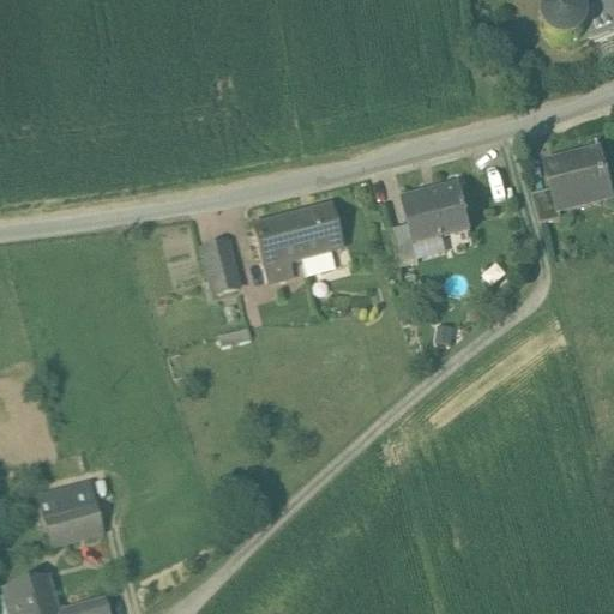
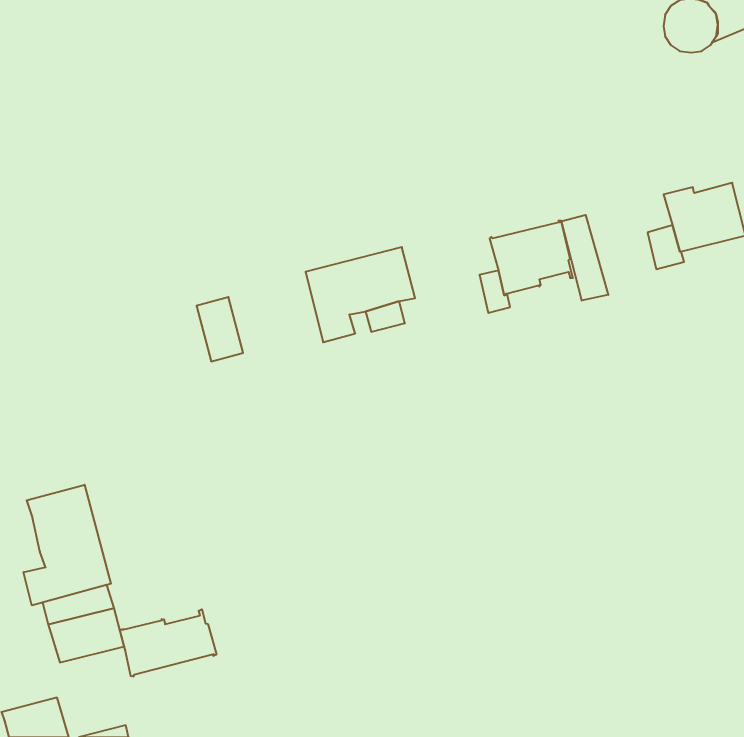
building: none -> [561,215,608,301]
building: [201,239,240,291] -> [196,297,243,361]
building: none -> [24,485,111,605]
building: none -> [120,609,216,677]

